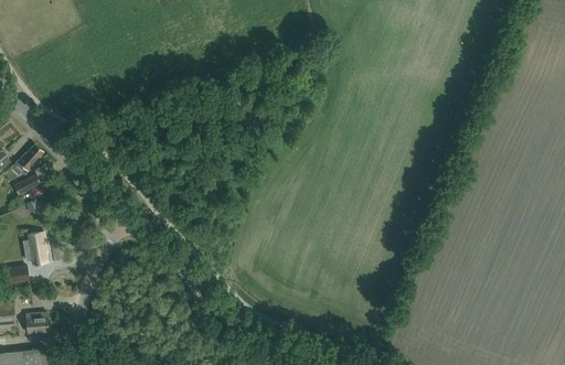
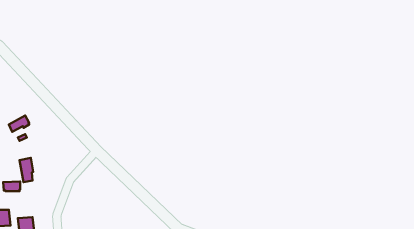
building: [10,146,43,176] -> none

